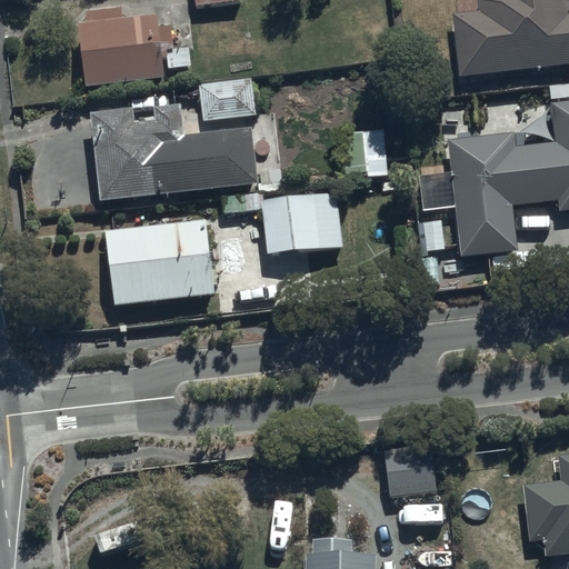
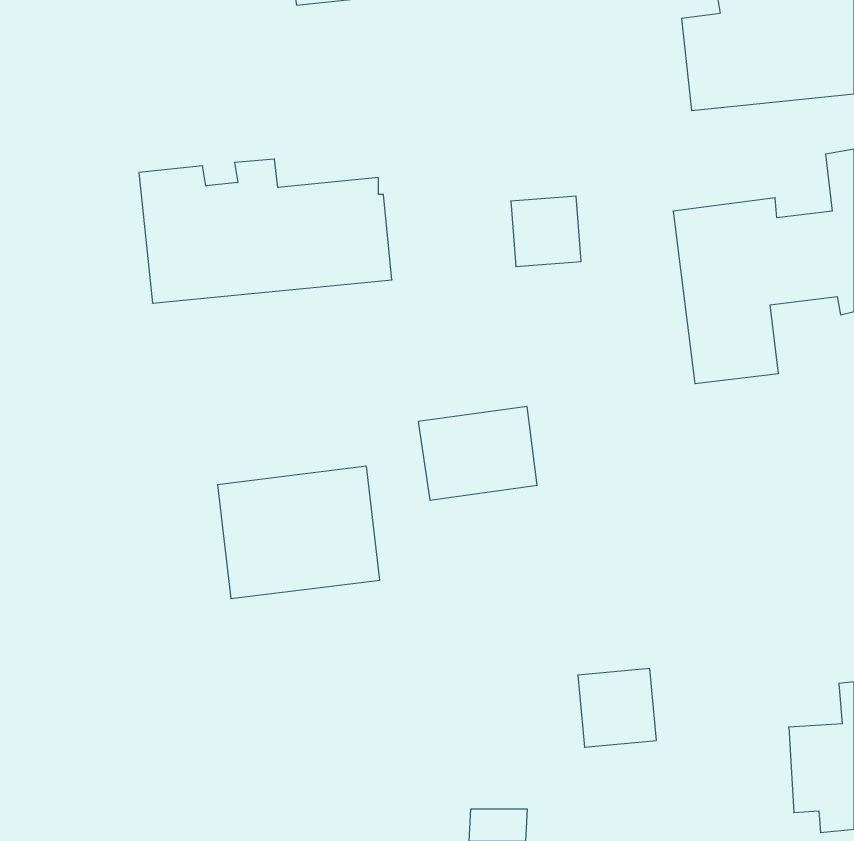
building: [80,6,191,87] -> none
building: [198,77,257,119] -> none
building: [264,192,343,254] -> [418,406,537,500]
building: [106,219,213,307] -> [217,466,380,599]

